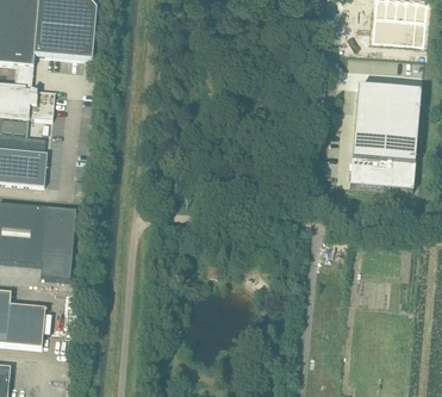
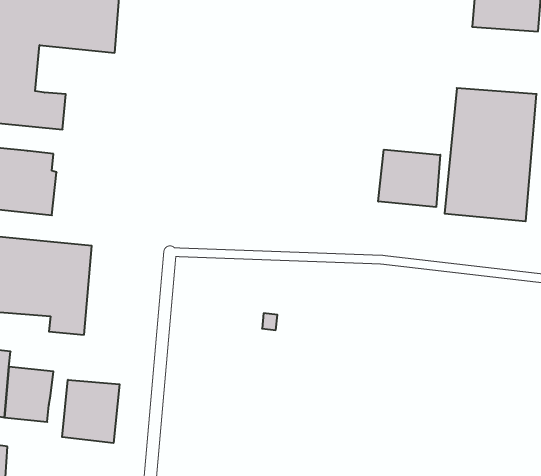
building: none -> [378,150,440,207]
building: none -> [62,380,120,443]

